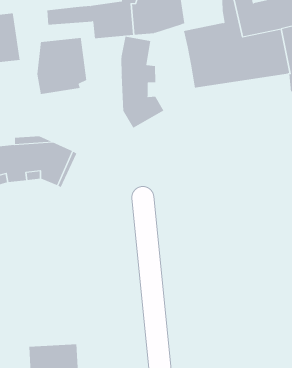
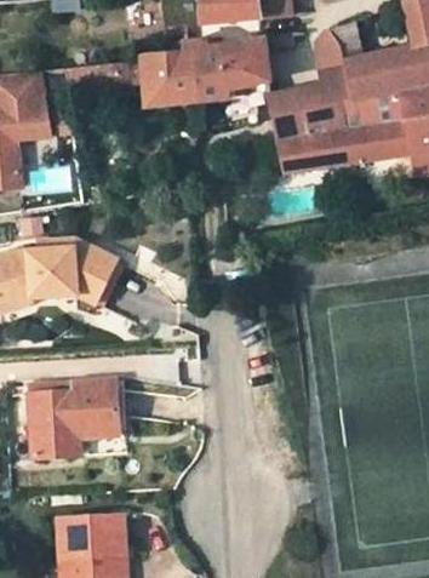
building: [121,36,164,129] -> none
building: [37,37,87,95] -> none
building: none -> [30,380,126,459]

